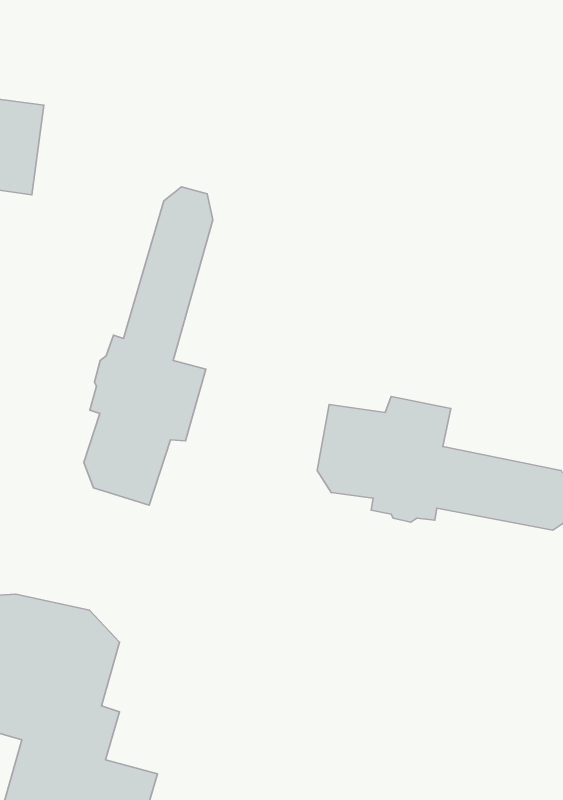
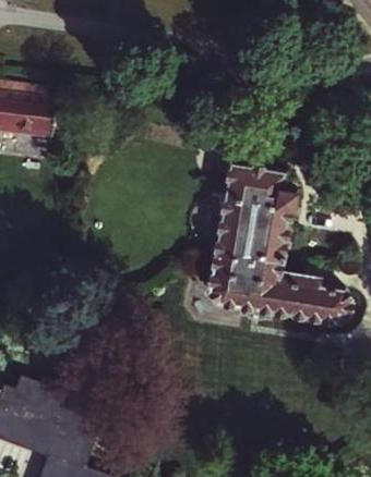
building: [84,187,213,505] -> none
building: none -> [215,166,297,260]

